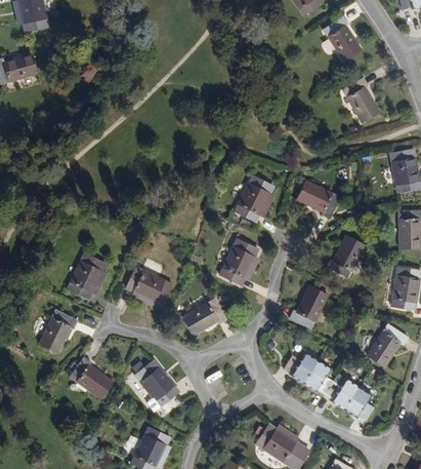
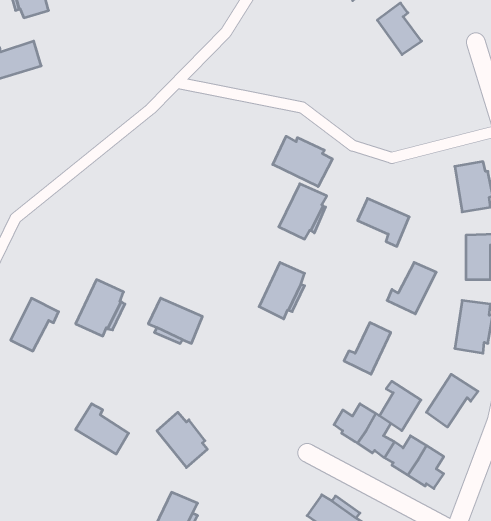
building: [339,78,375,124] -> none
building: none -> [273,136,332,187]
building: [185,295,231,333] -> none
building: [41,307,81,351] -> [11,298,59,351]
building: none -> [379,381,421,431]

